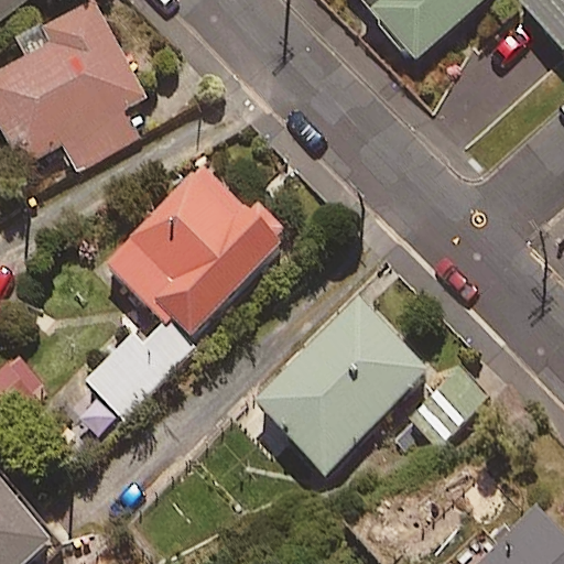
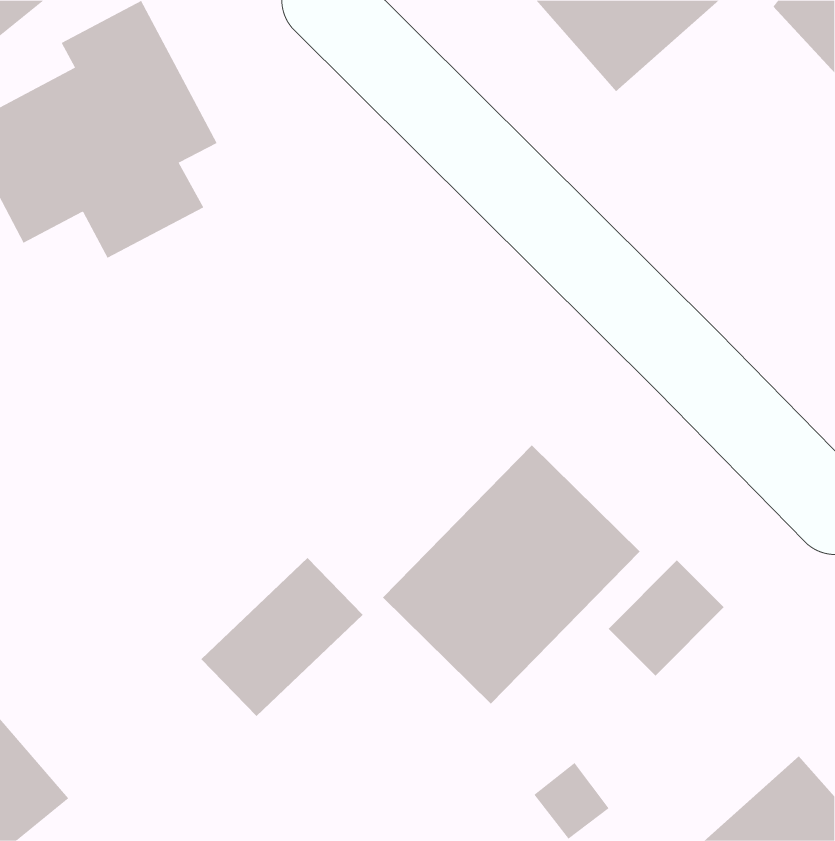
building: [106,154,290,337] -> none
building: [83,313,192,420] -> [201,557,364,717]

